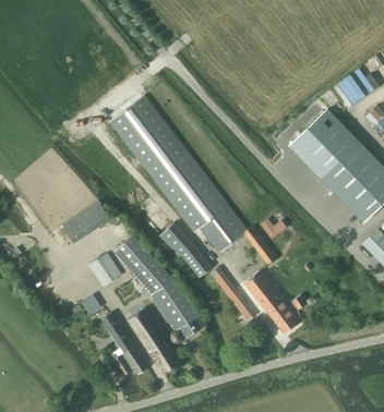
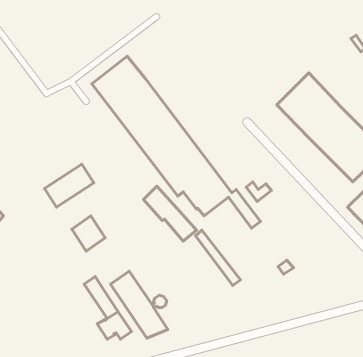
building: [115,235,207,339] -> none
building: [244,271,302,335] -> none

